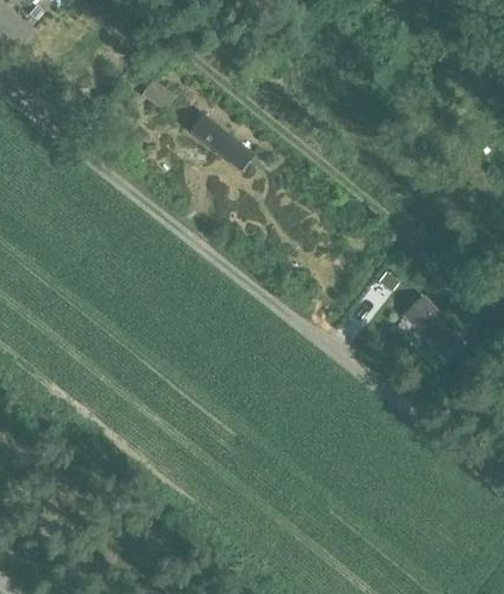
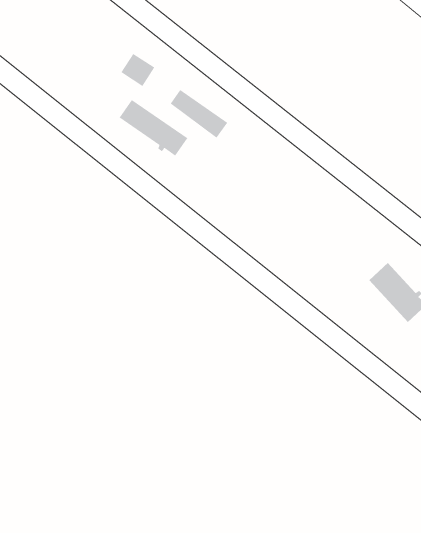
building: none -> [119,99,188,156]

